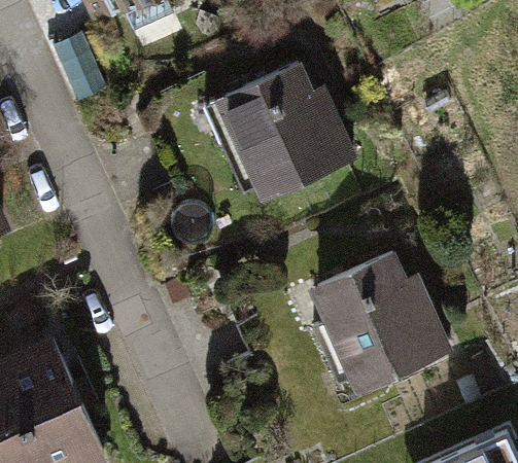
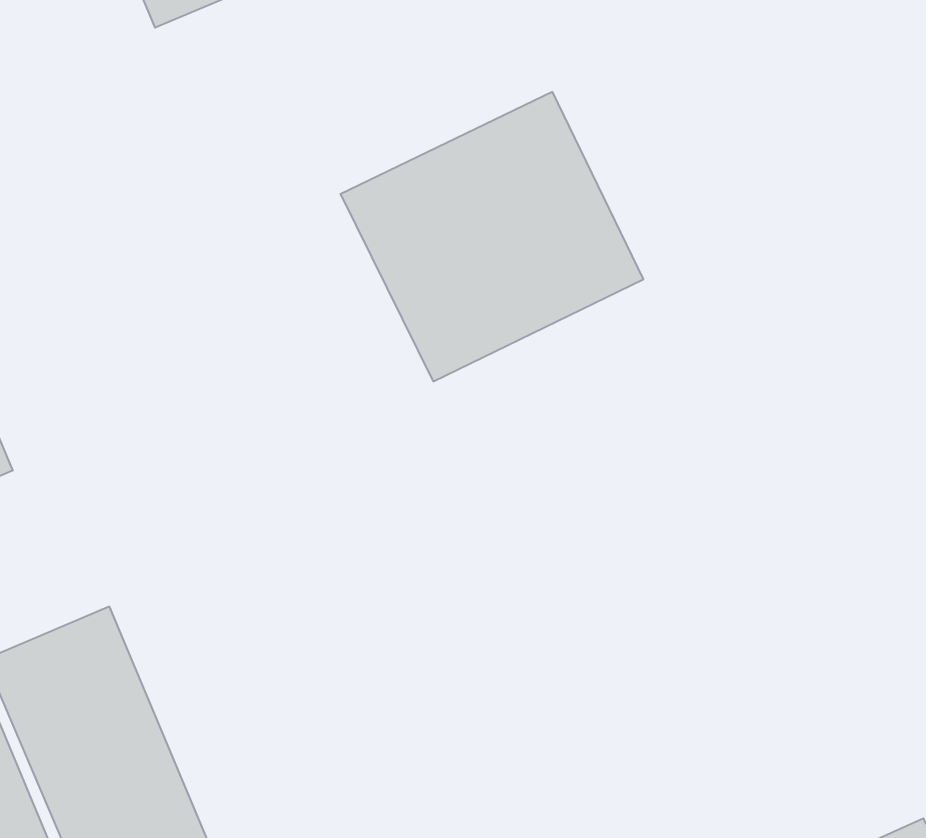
building: [299,247,447,391] -> none

